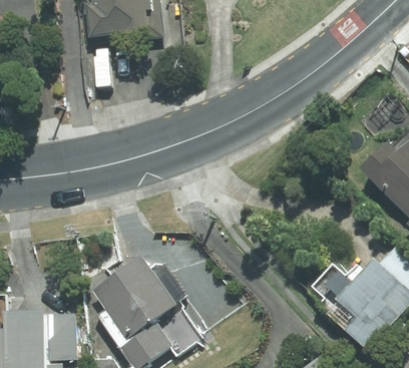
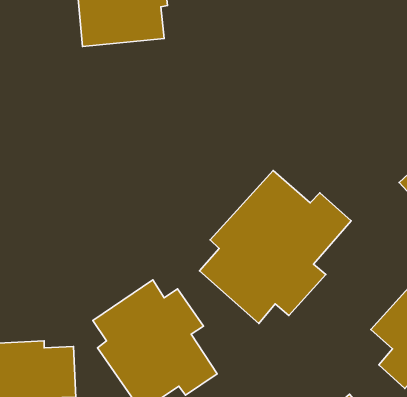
building: none -> [199,170,351,324]

